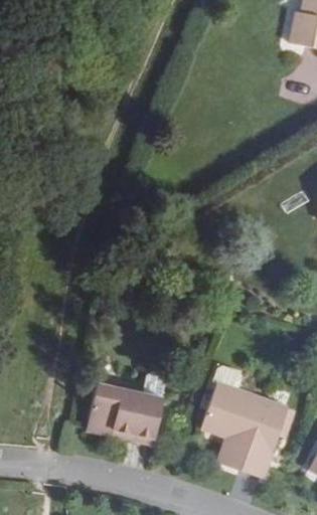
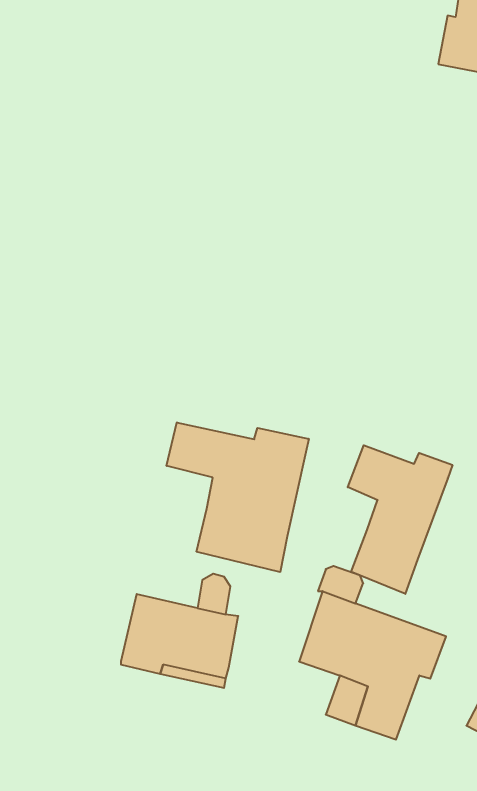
building: none -> [167,422,309,572]
building: none -> [348,445,452,594]

